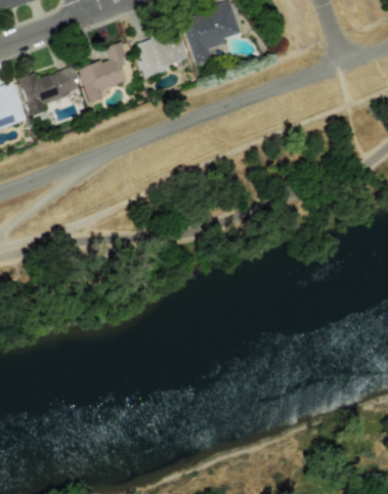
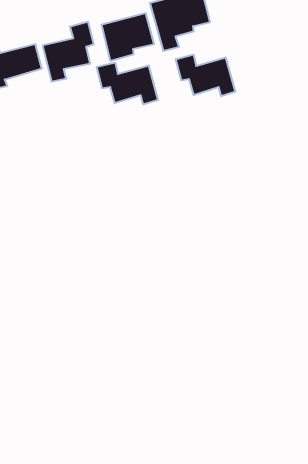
building: none -> [176,55,235,96]
building: none -> [97,63,158,104]

